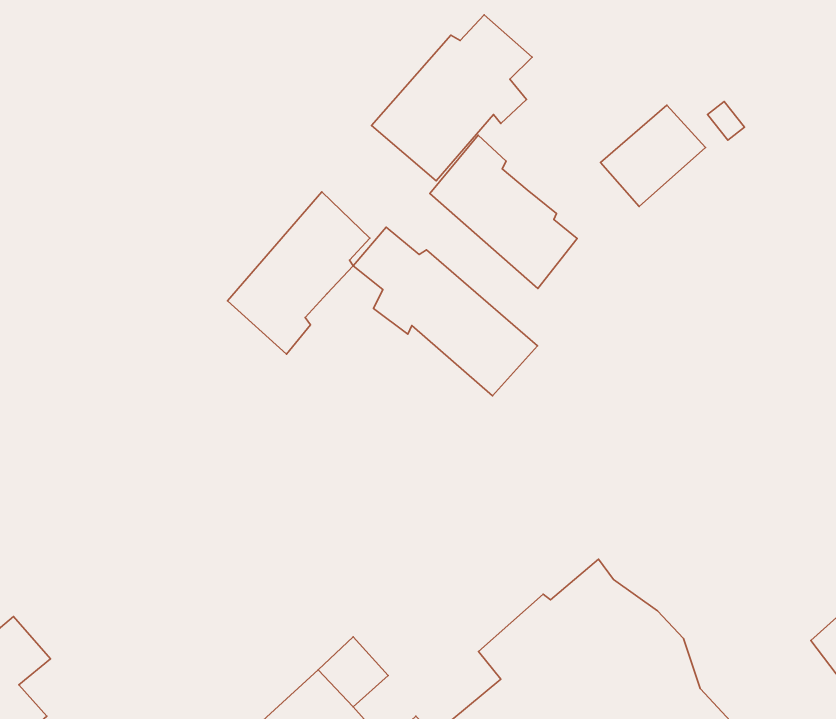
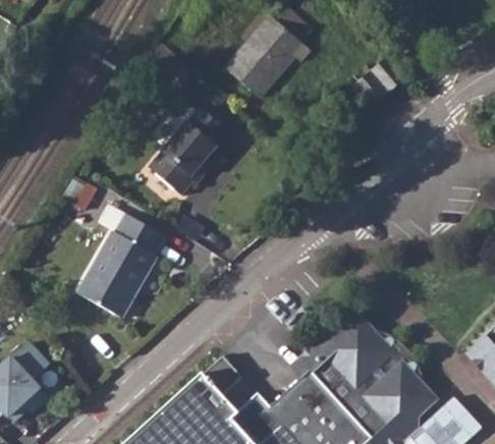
building: [430,135,577,289] -> none
building: [353,227,537,396] -> none
building: none -> [77,217,162,316]

